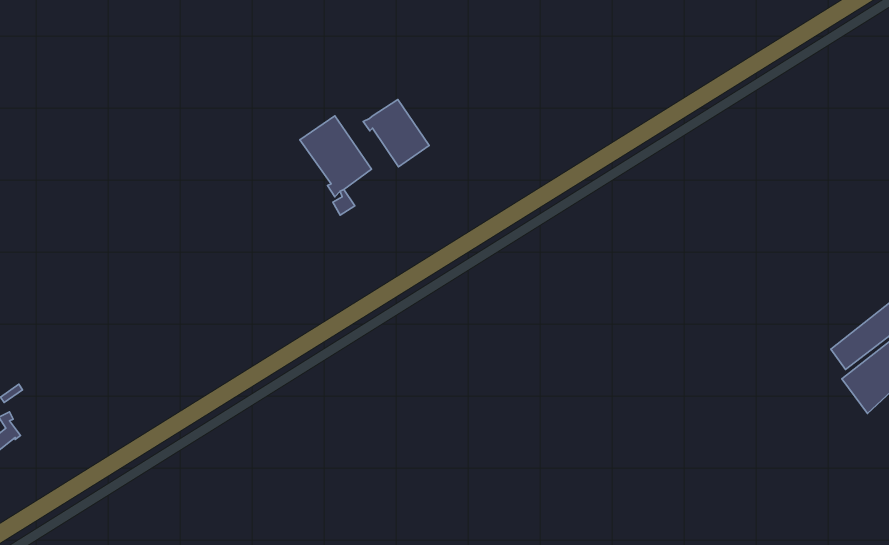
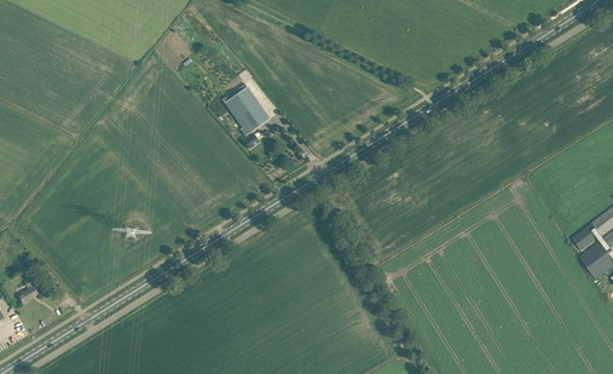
building: [363,100,429,167] -> none

